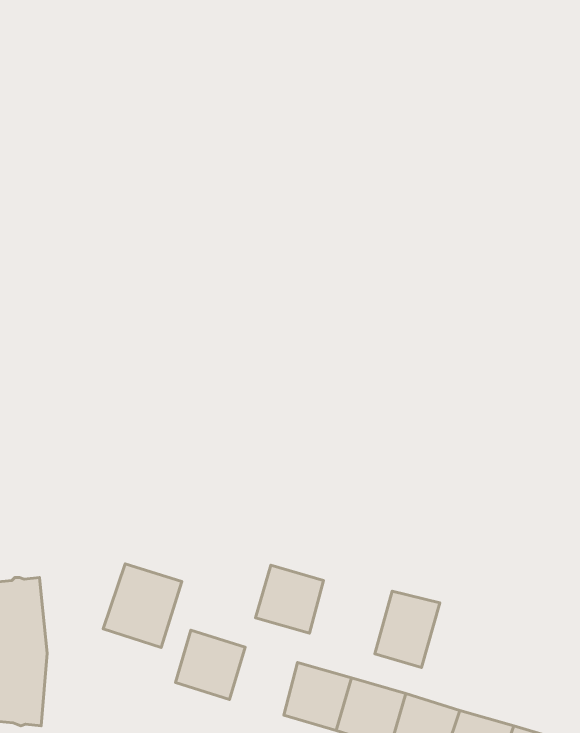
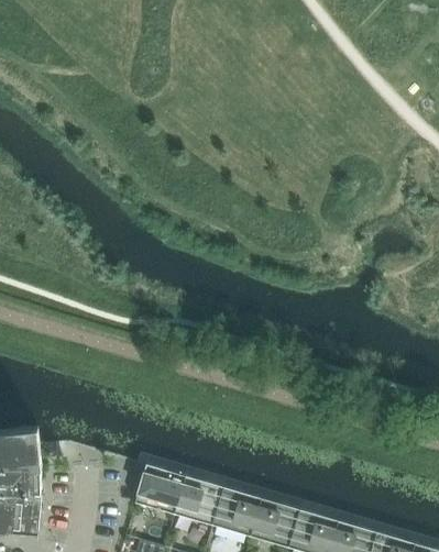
building: [103,564,182,647] -> none
building: [255,565,323,633] -> [173,474,221,522]
building: [375,591,440,667] -> none

